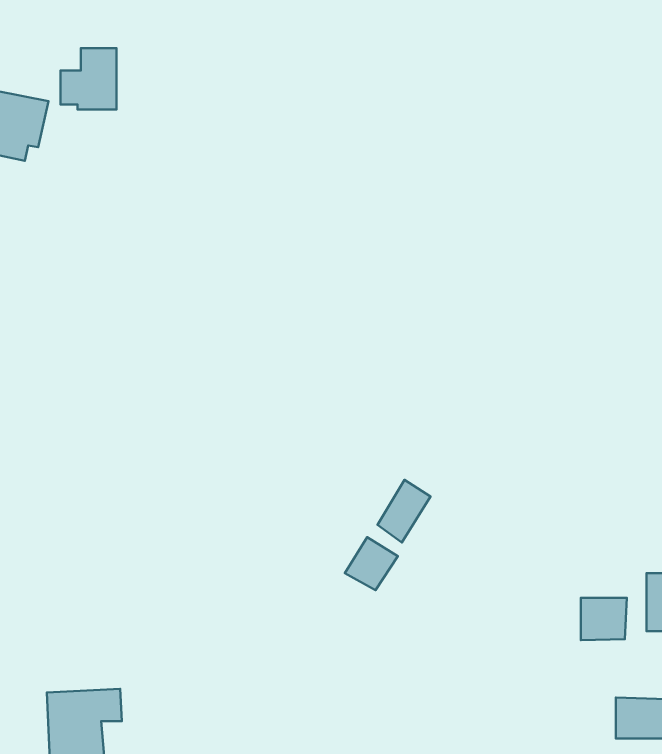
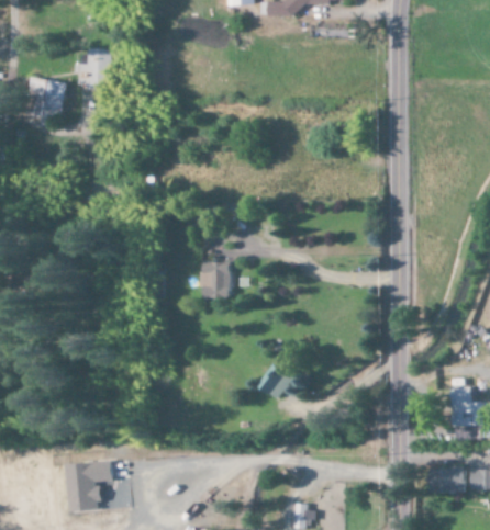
building: none -> [200,261,231,300]
building: [377,480,430,543] -> none
building: [581,598,627,640] -> none

